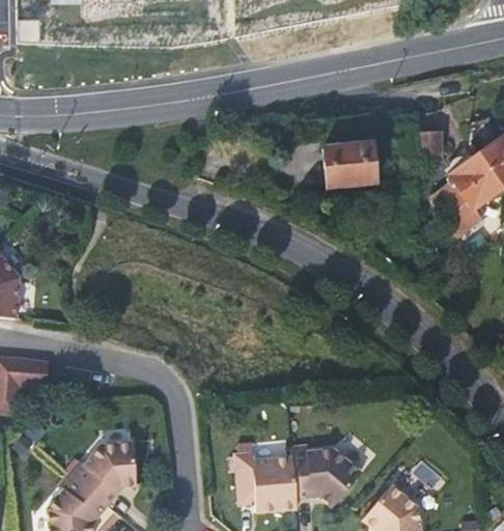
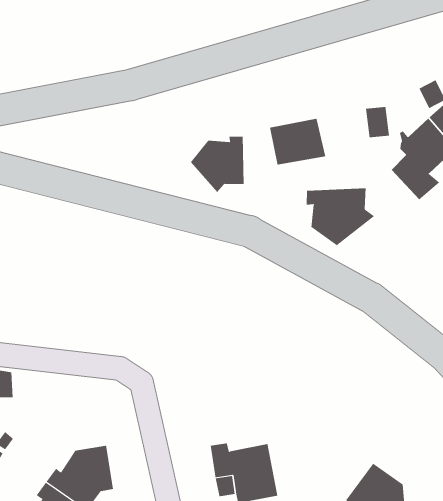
building: none -> [190,136,244,193]
building: none -> [306,188,375,246]
building: [291,446,361,506] -> none

